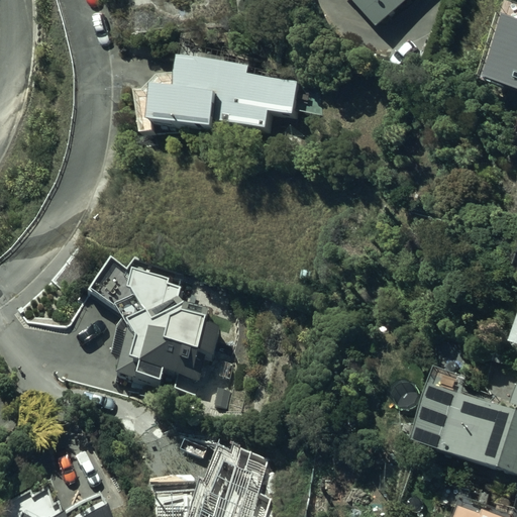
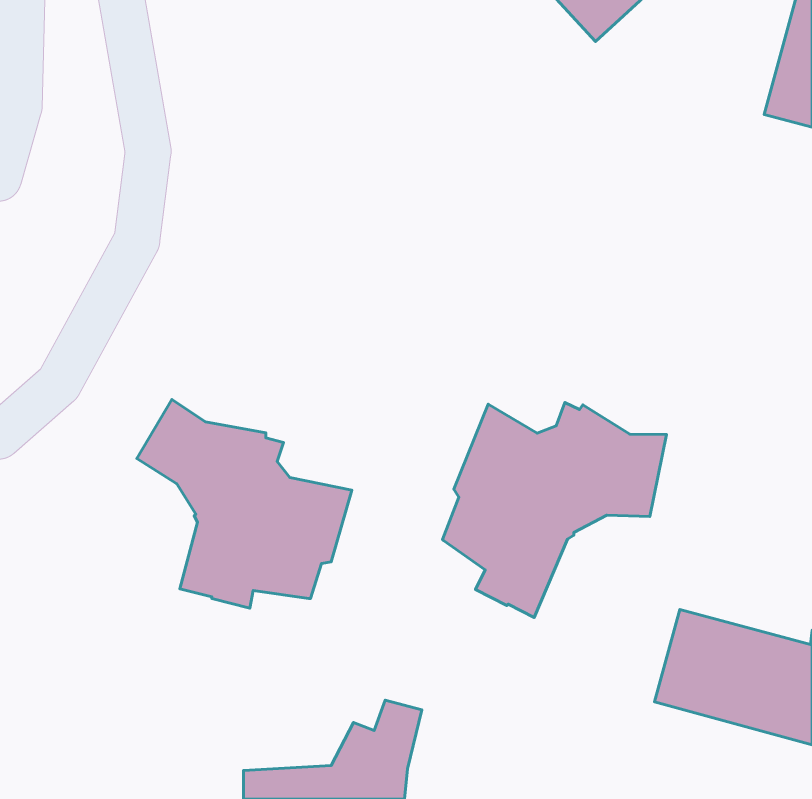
building: [153,48,301,132] -> none
building: none -> [443,402,666,618]

